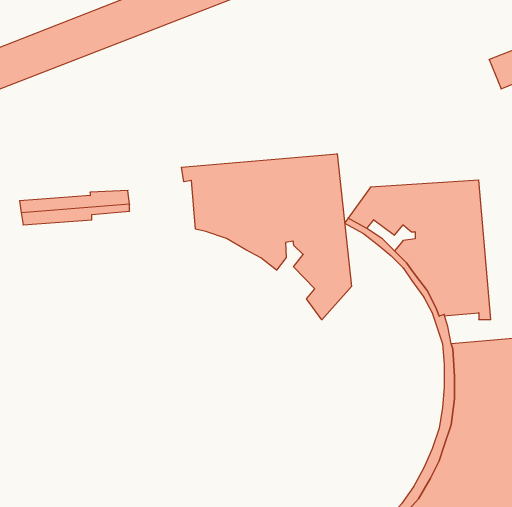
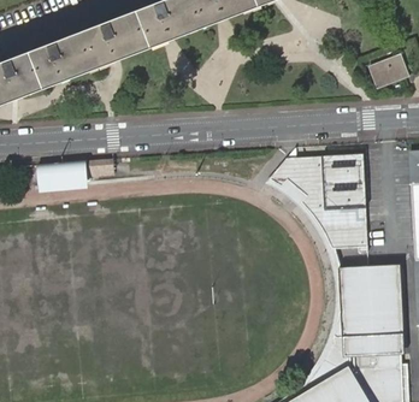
building: [181,154,351,320] -> none

